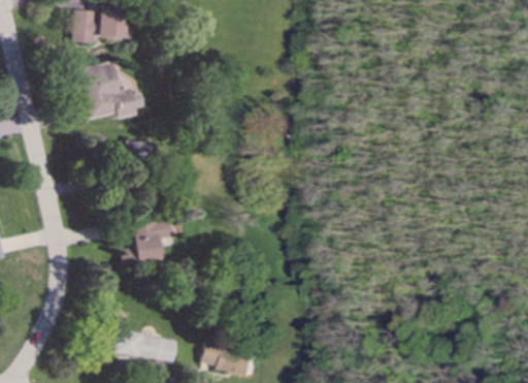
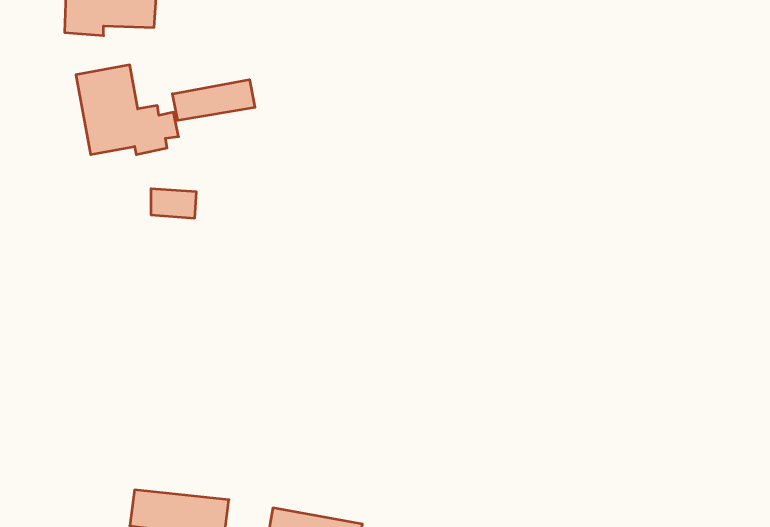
building: none -> [172,80,255,120]
building: [123,217,172,267] -> none

